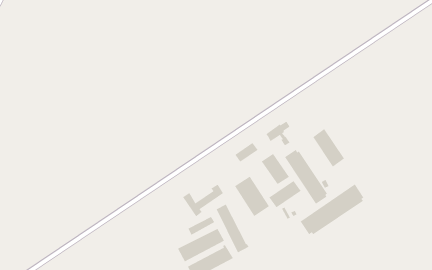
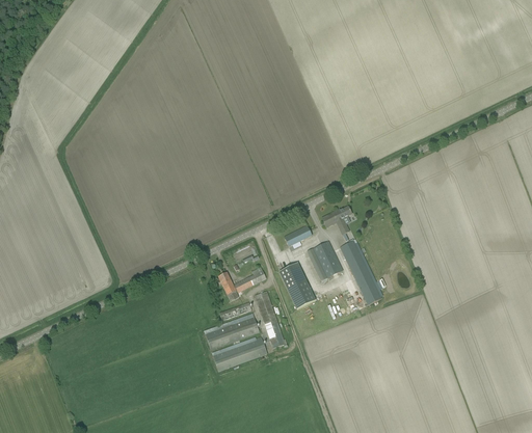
building: [312,128,345,167] -> none
building: [269,180,301,208] -> none
building: [300,183,364,235] -> none

